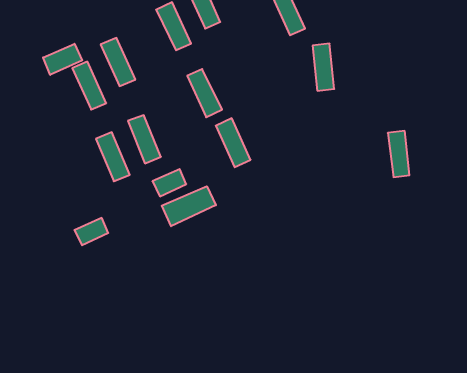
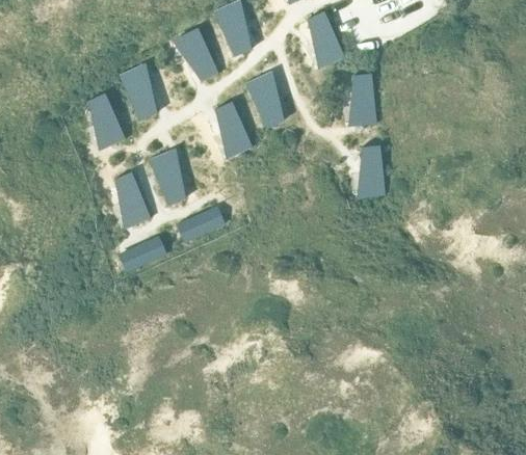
building: [43,44,82,75] -> none
building: [216,118,251,167] -> [245,75,284,129]
building: [388,131,409,177] -> [361,145,385,196]
building: [162,186,216,226] -> none
building: [74,218,108,245] -> [129,237,166,267]

